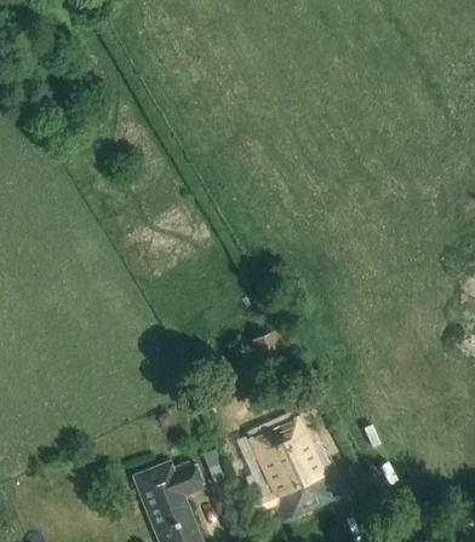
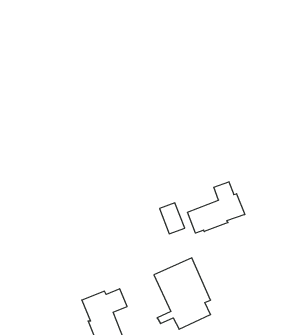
building: none -> [187,182,245,233]

